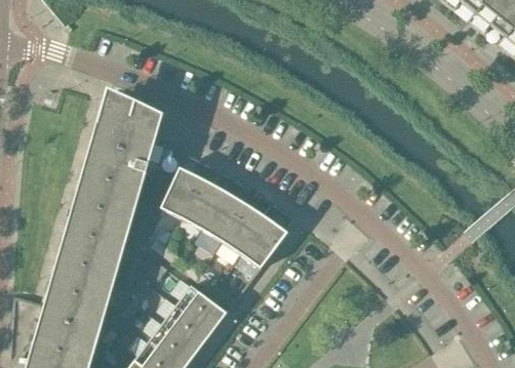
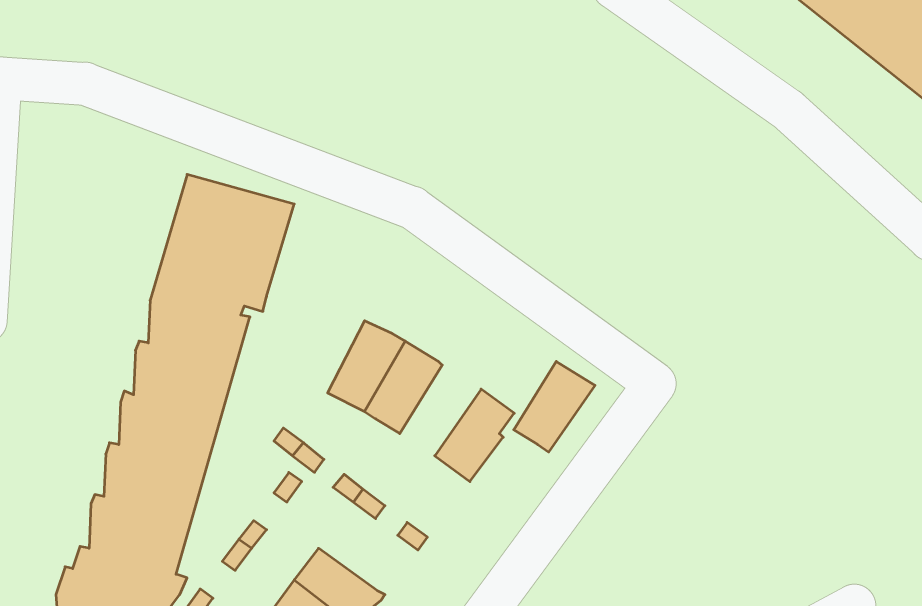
building: [161,168,203,220] -> none
building: [223,205,268,255] -> [514,361,595,452]
building: [177,287,228,330] -> none

